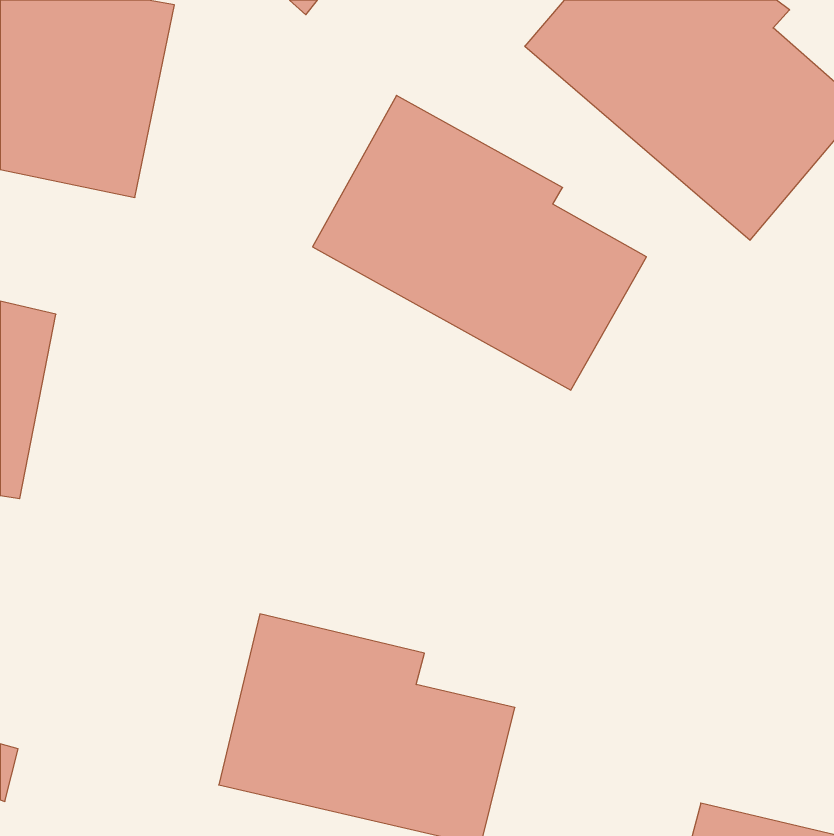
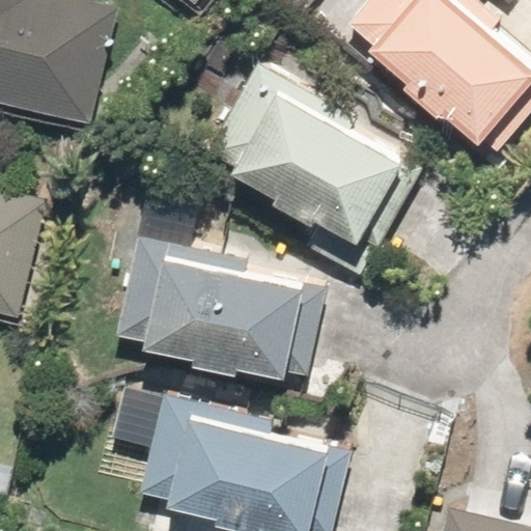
building: none -> [118,220,294,375]

